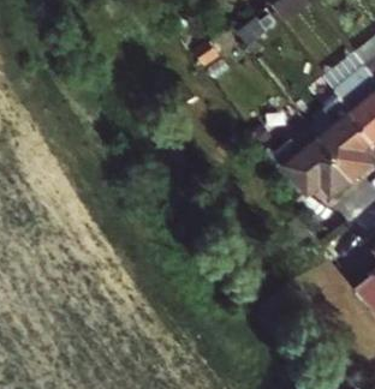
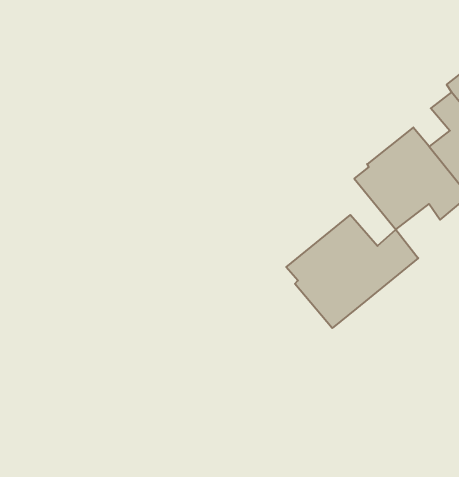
building: none -> [286,215,418,328]

